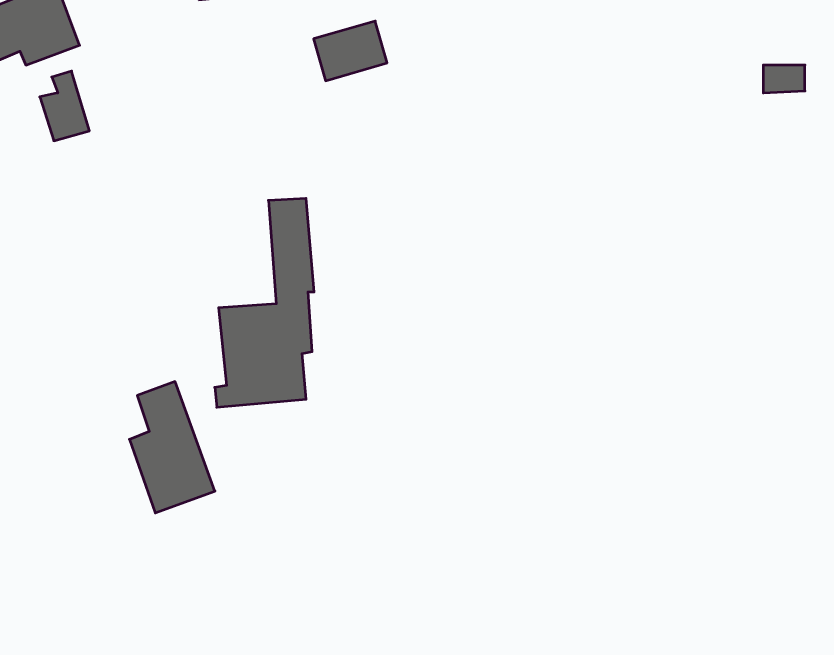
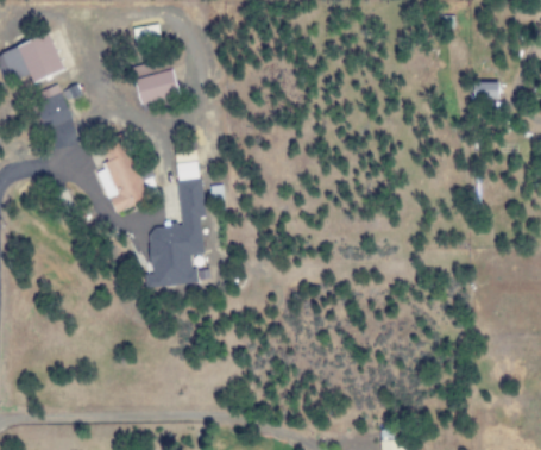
building: [314,21,387,81] -> [134,70,178,106]
building: [129,382,215,513] -> [97,136,149,214]

